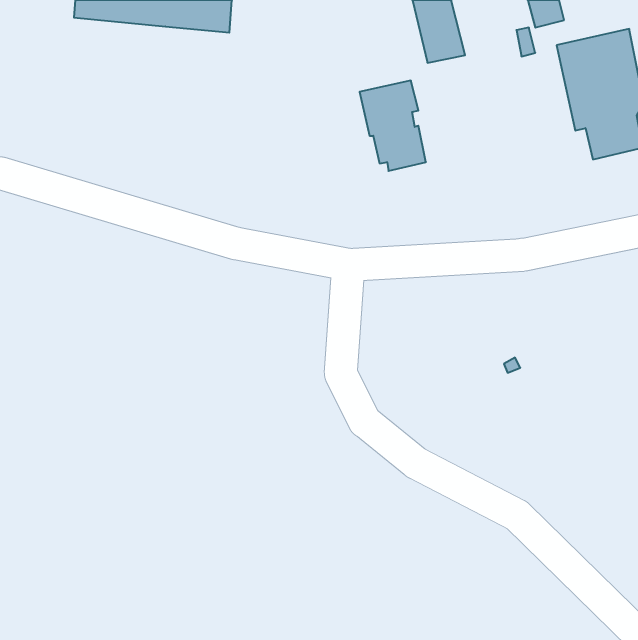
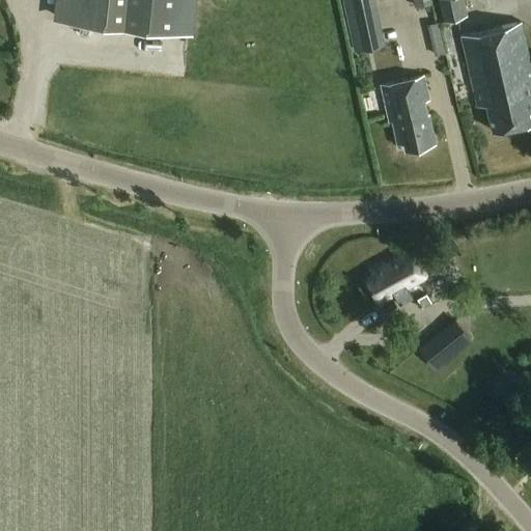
building: [360,81,426,171] -> [382,78,437,152]
building: none -> [366,248,437,307]
building: none -> [416,315,468,368]

